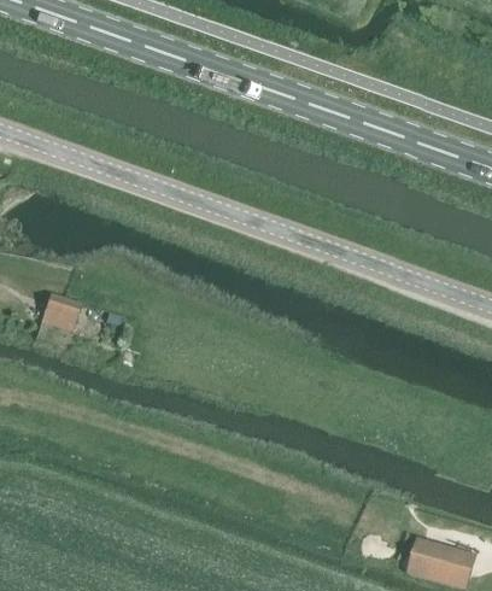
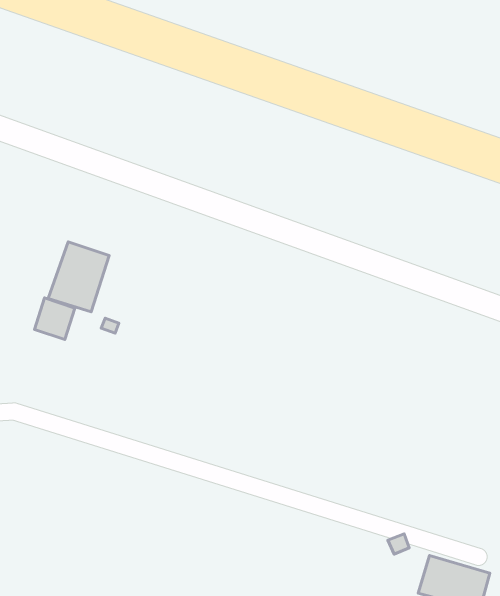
building: none -> [48,242,109,312]

